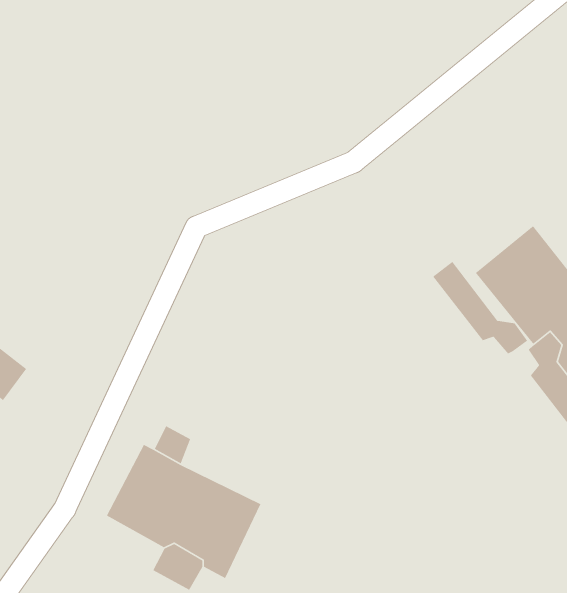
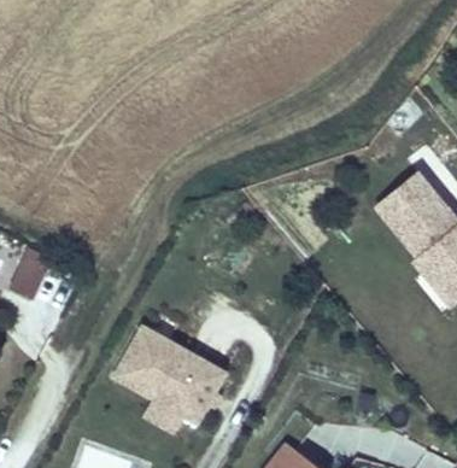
building: [432,261,528,355] -> none

